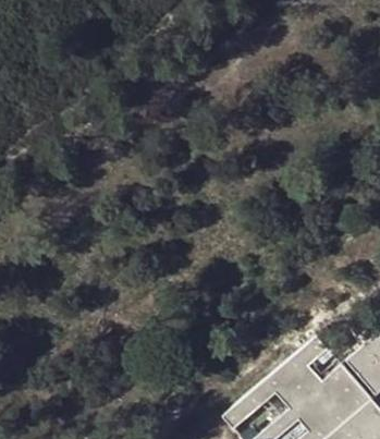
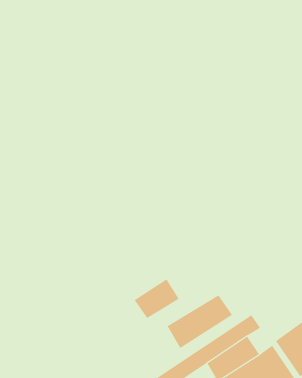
building: none -> [134,278,180,319]
building: none -> [167,295,233,349]

